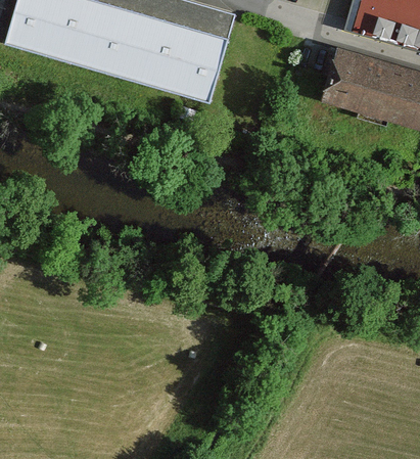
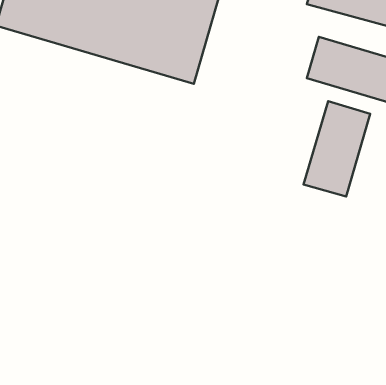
building: none -> [304,101,370,197]

